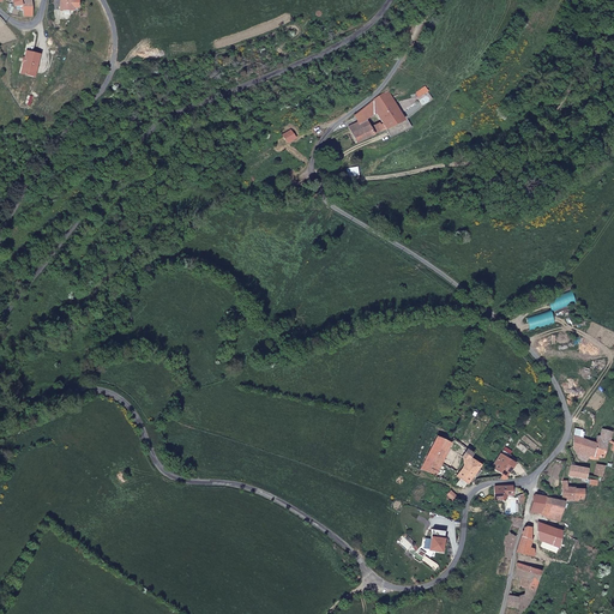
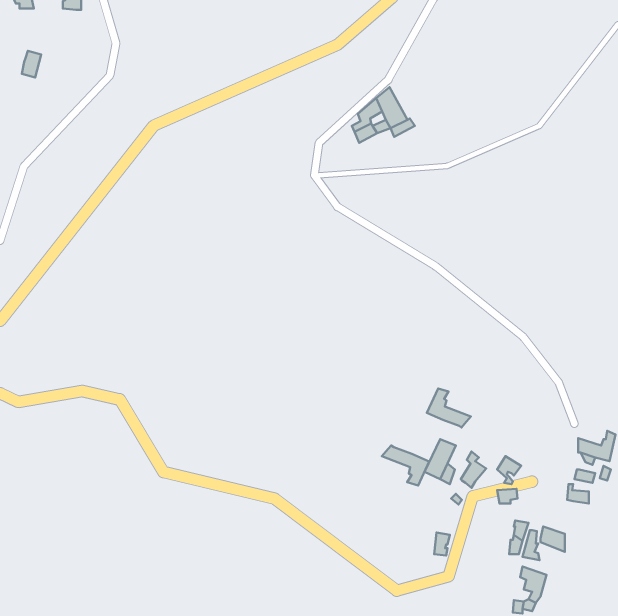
building: none -> [427,389,471,427]
building: none -> [382,445,429,486]
building: [531,494,565,520] -> none

